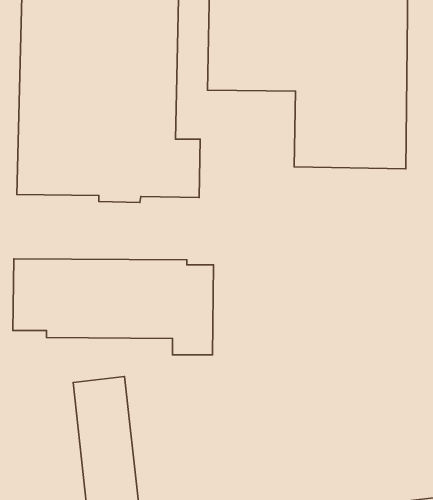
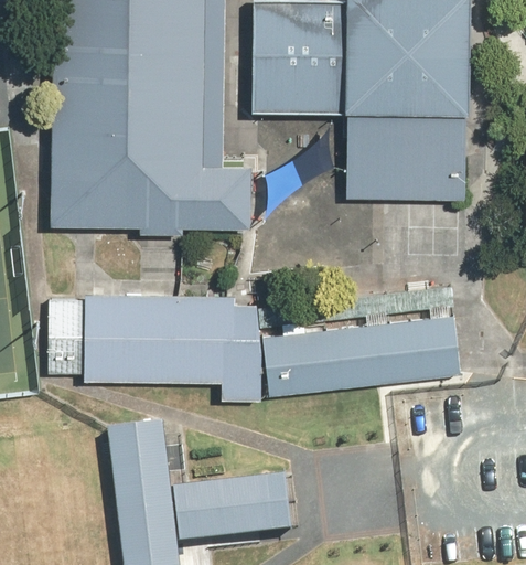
building: none -> [265,317,460,396]
building: none -> [179,473,294,542]

